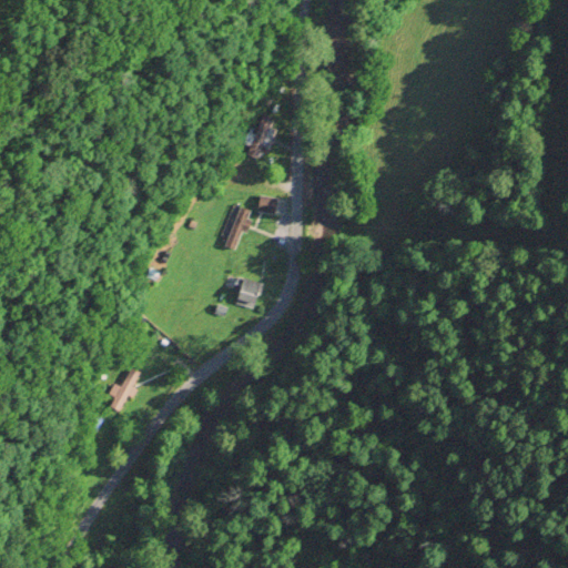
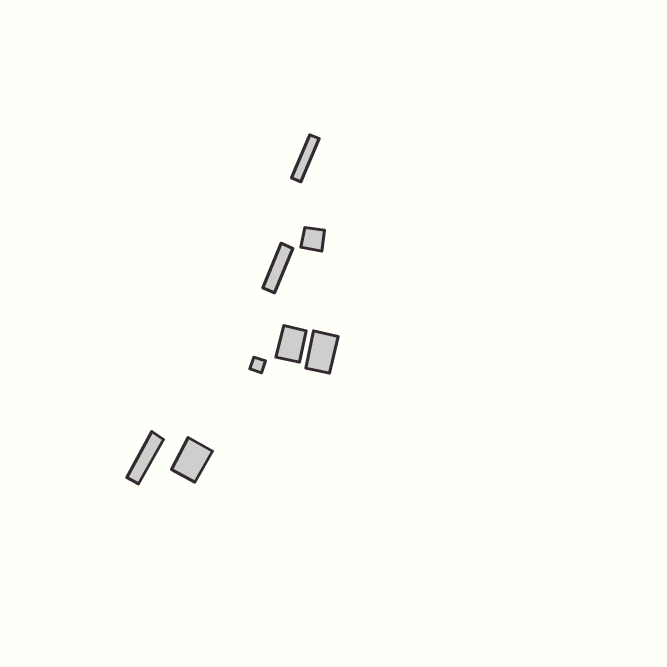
building: none -> [306,331,338,373]
building: none -> [171,438,213,482]

